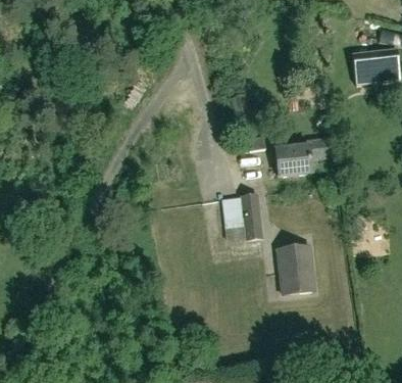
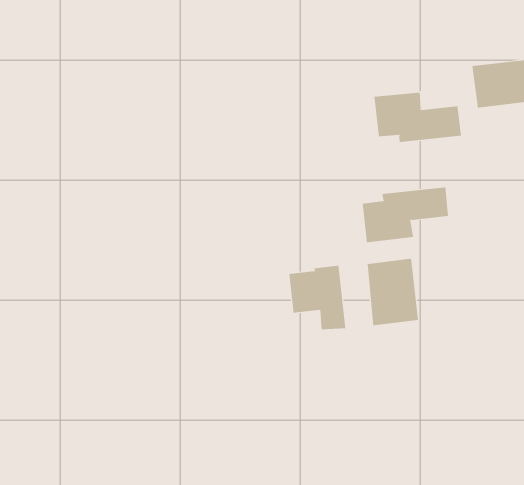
building: none -> [374,92,461,143]
building: [278,246,315,295] -> [367,258,419,326]

